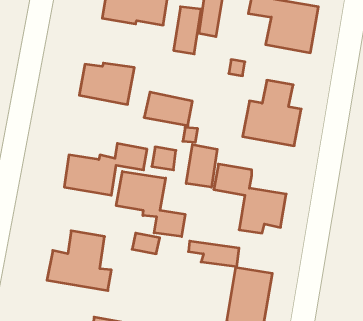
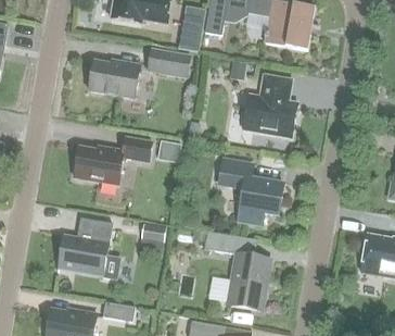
building: [144,92,192,125] -> [143,45,189,76]
building: [186,145,217,187] -> none
building: [116,171,185,237] -> none

